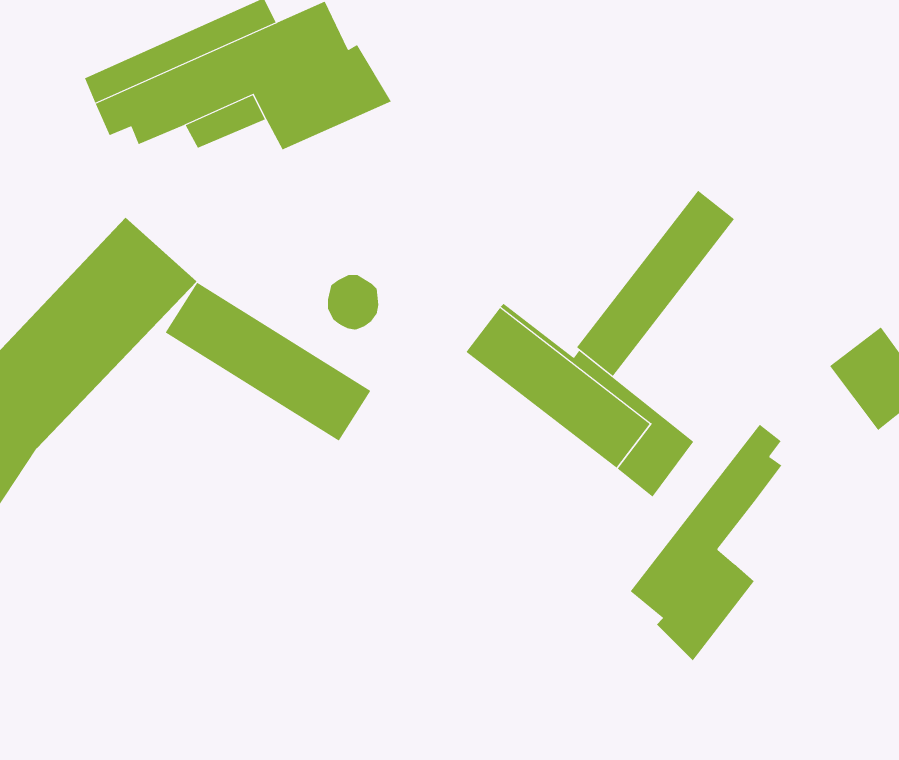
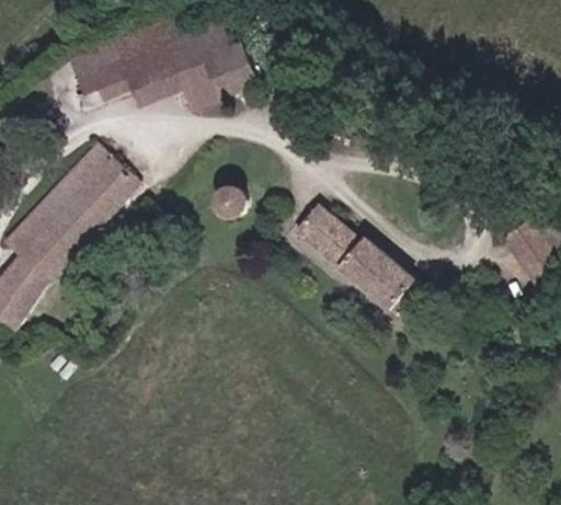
building: [576,190,735,377] -> none
building: [165,282,371,441] -> none
building: [630,424,782,661] -> none

